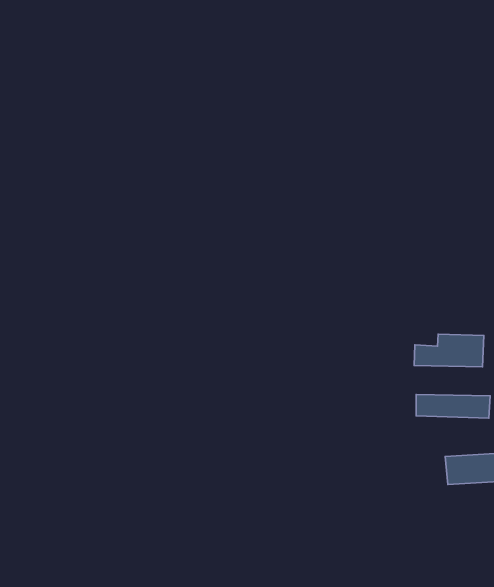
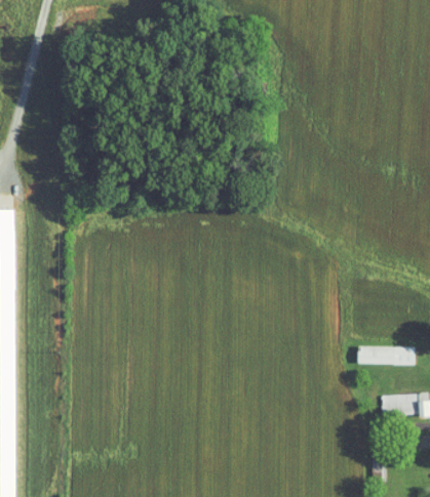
building: [414,334,484,367] -> none

